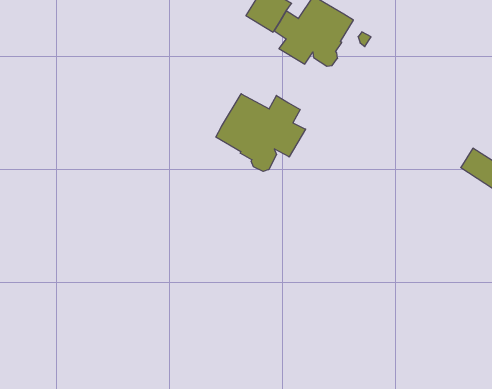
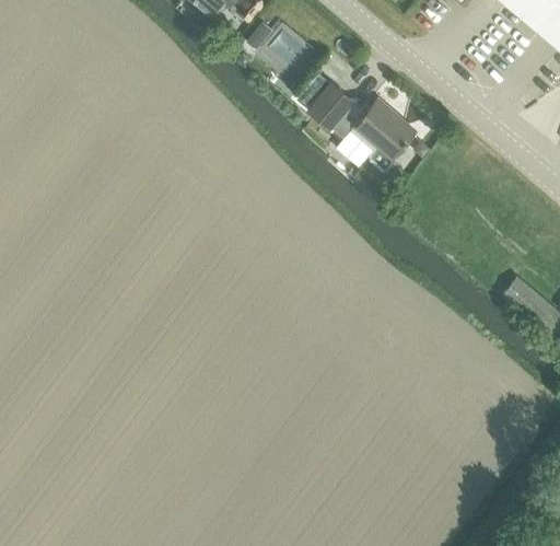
building: [216,94,306,171] -> none

